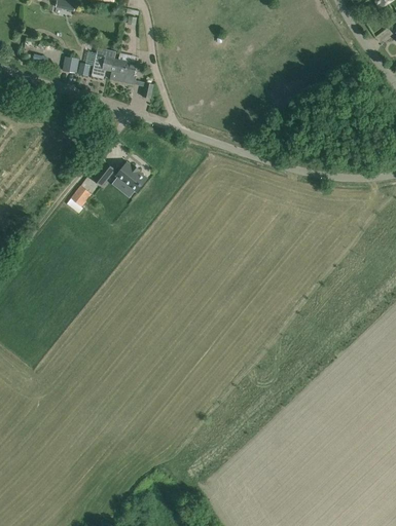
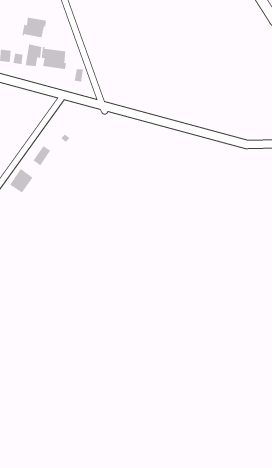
building: none -> [22,17,47,38]
building: [116,163,146,192] -> none

